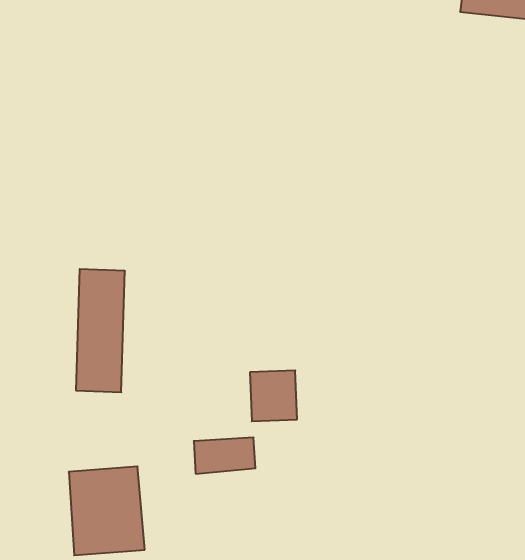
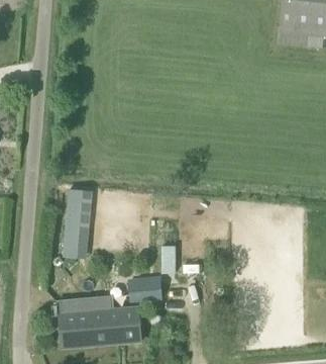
building: none -> [97,295,140,343]

